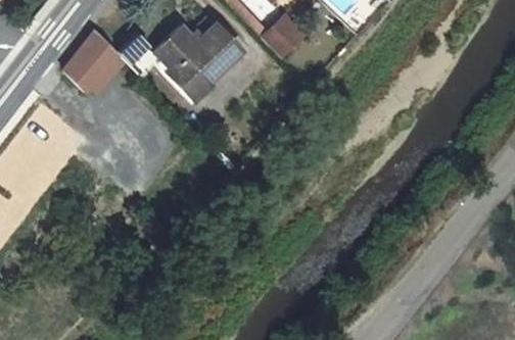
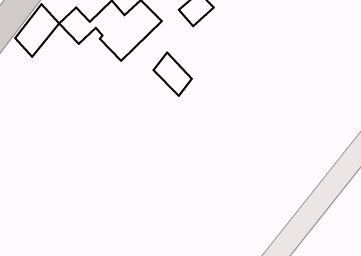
building: none -> [154,52,192,96]

